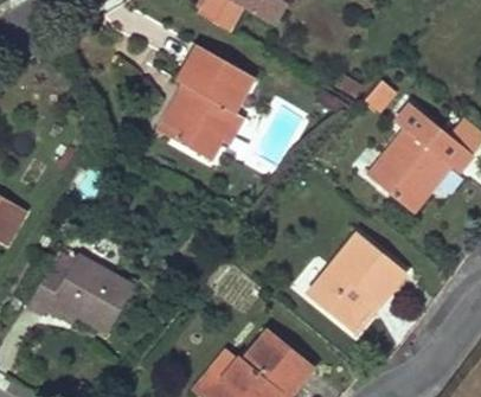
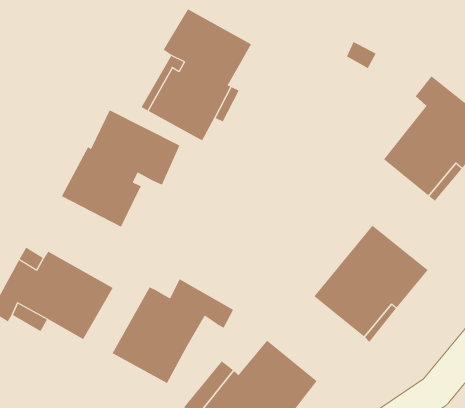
building: none -> [61,109,180,227]
building: none -> [112,279,234,384]

